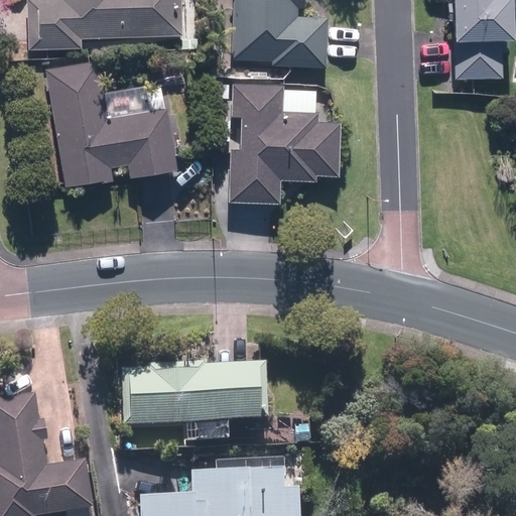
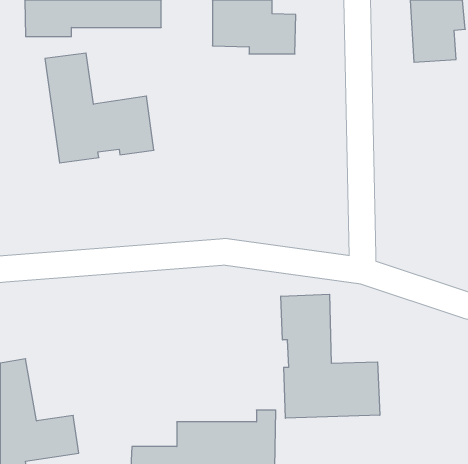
building: [228,85,337,205] -> none
building: none -> [281,294,380,418]
building: [131,362,266,421] -> none

